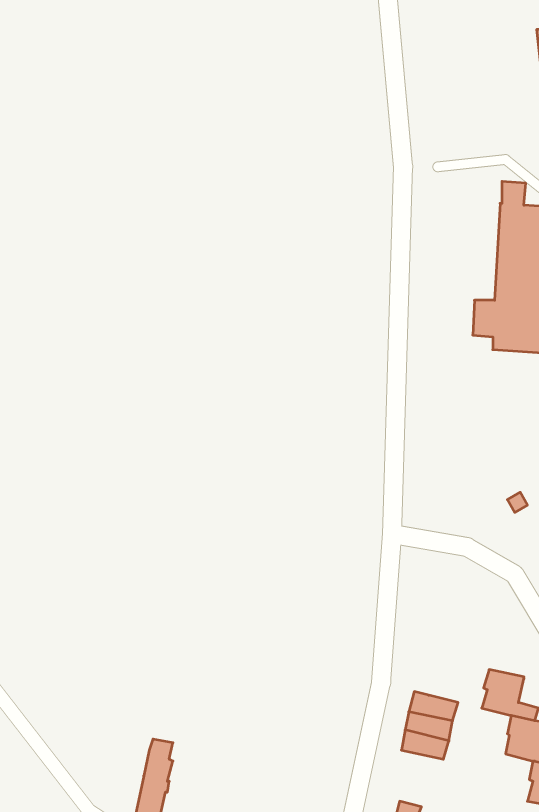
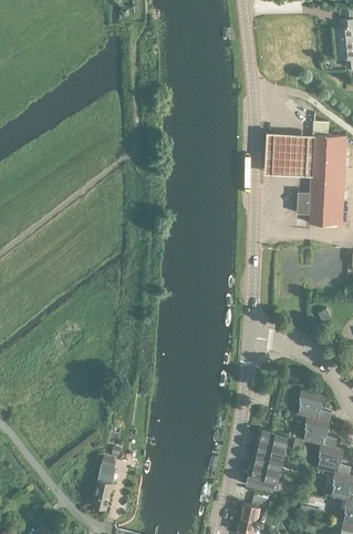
building: none -> [262,134,311,177]
building: none -> [297,390,330,422]
building: none -> [245,465,279,491]

